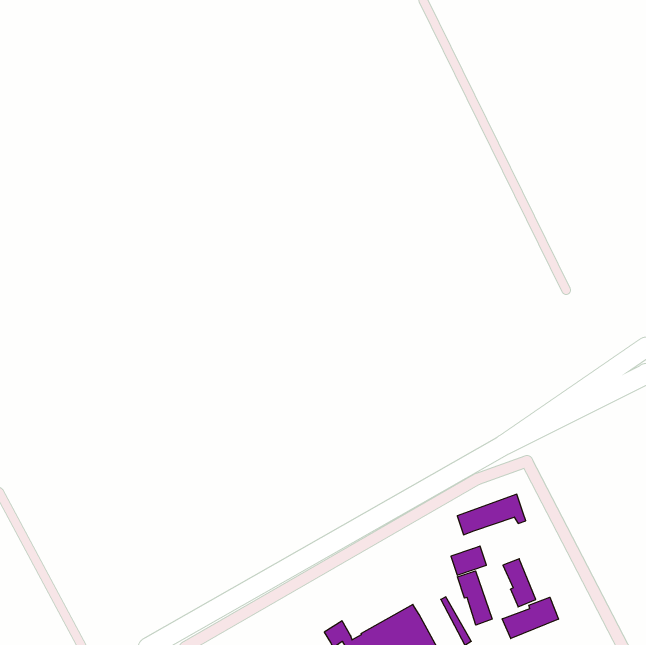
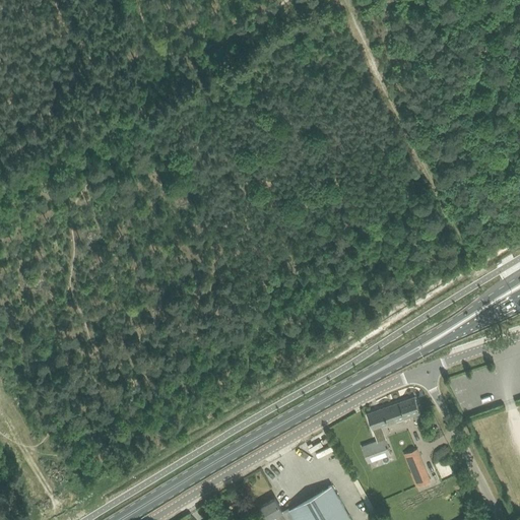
building: [457,571,492,625] -> none
building: [502,597,558,639] -> none

